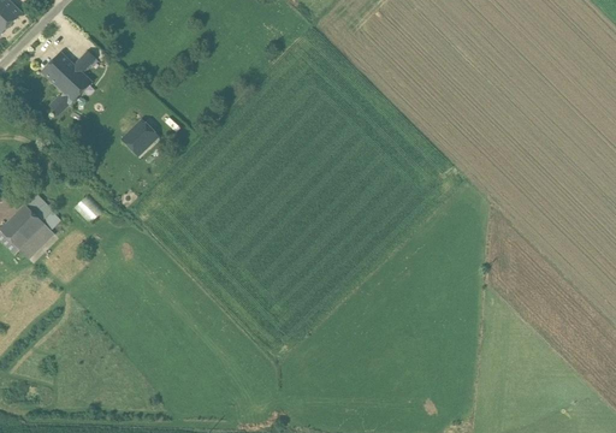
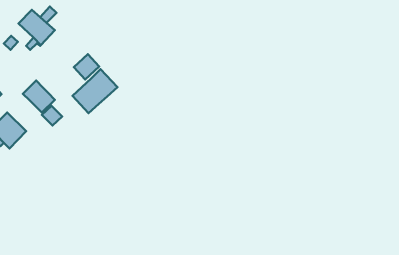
building: none -> [72,69,118,113]
building: none -> [23,80,55,113]

